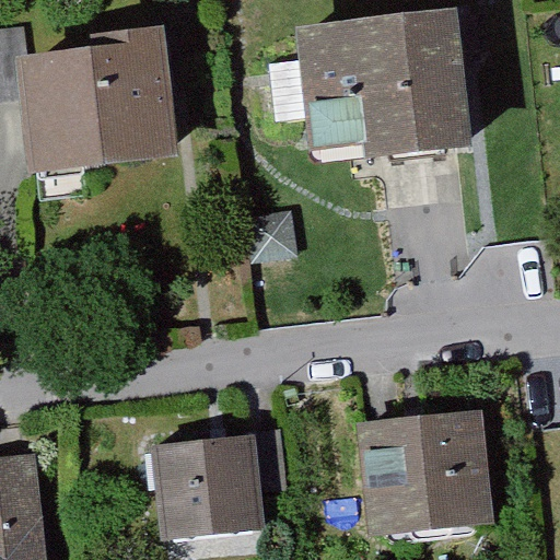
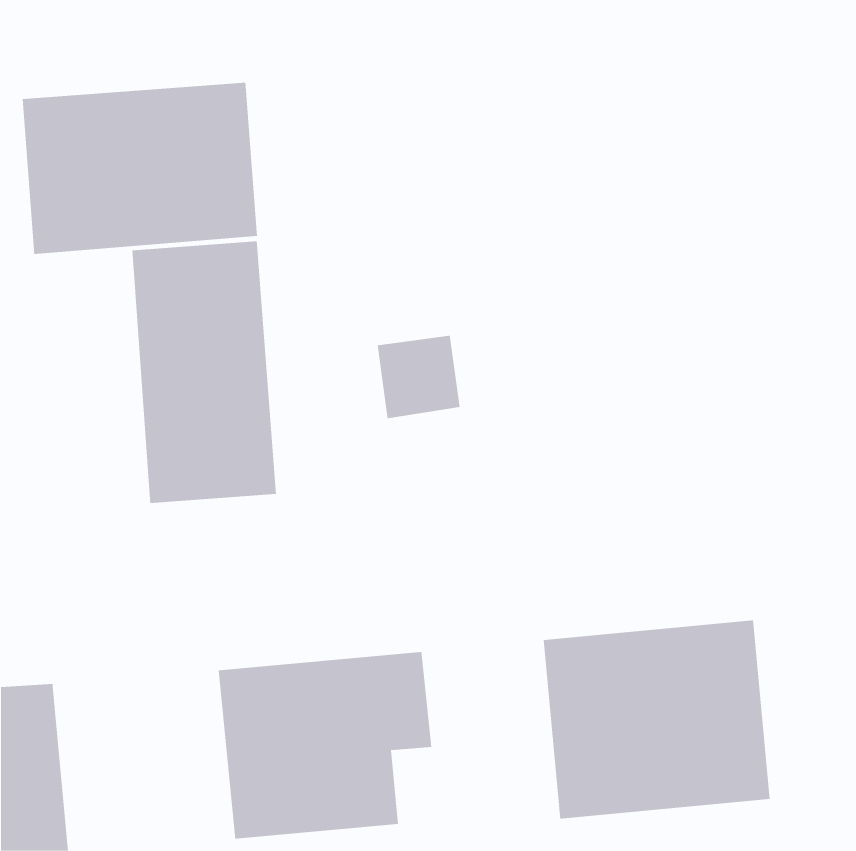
building: [296,12,471,156] -> none
building: none -> [132,241,276,504]

